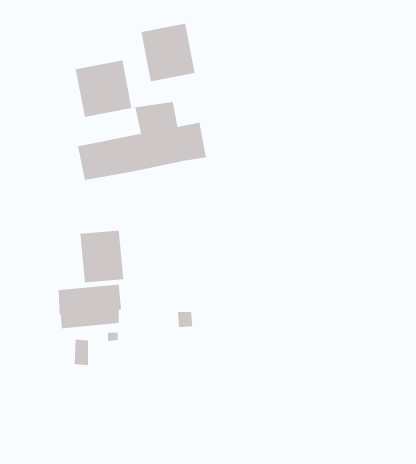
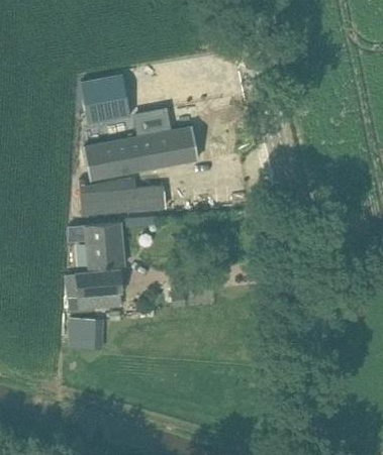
building: [141,23,195,82] -> none
building: none -> [80,186,164,215]

